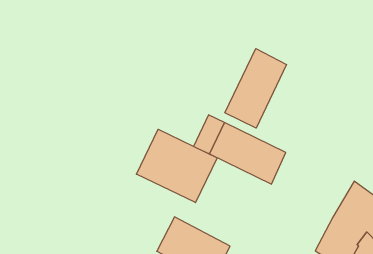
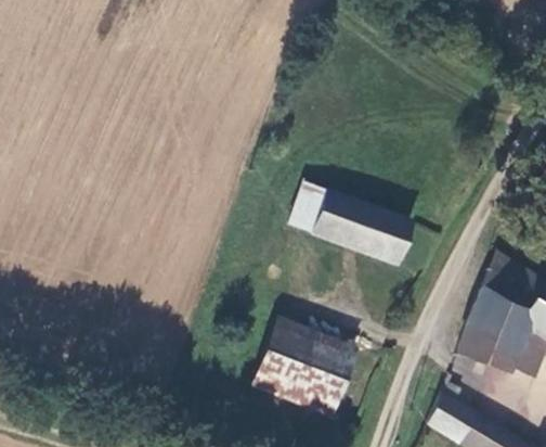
building: [225,49,287,128] -> none
building: [136,129,217,203] -> none

